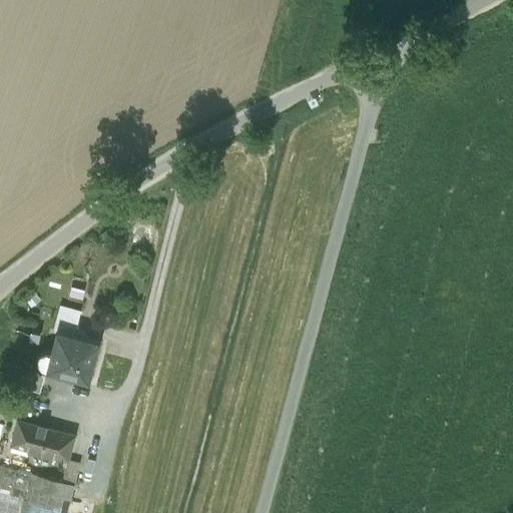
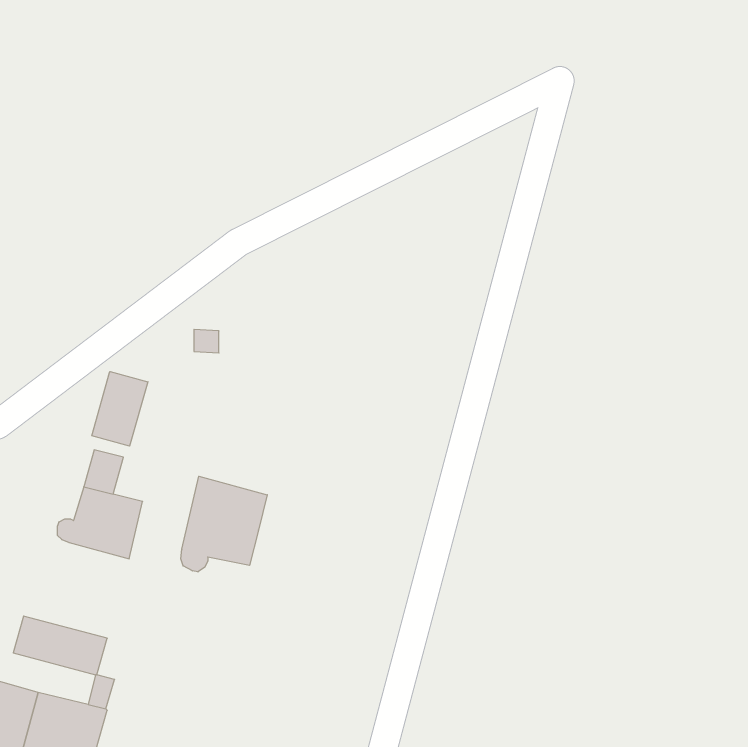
building: none -> [92,372,148,446]
building: none -> [181,476,267,572]

